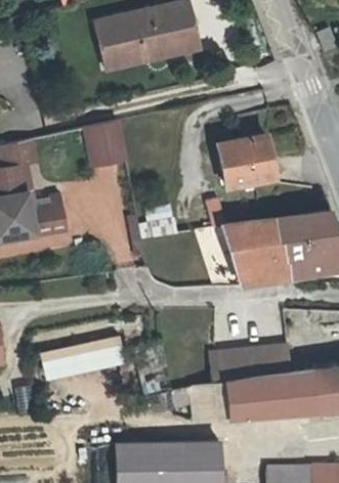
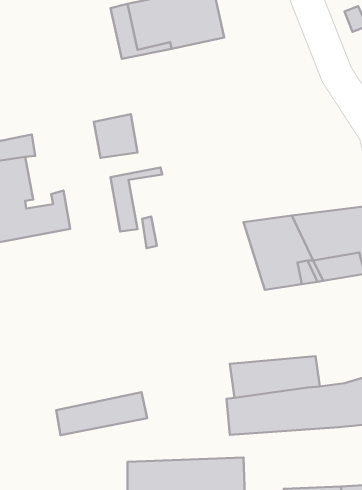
building: [219,134,277,186] -> none
building: none -> [111,167,162,231]
building: [43,338,126,377] -> [56,392,147,435]

